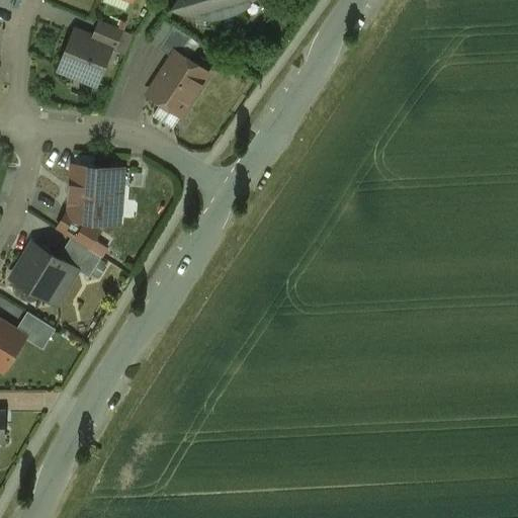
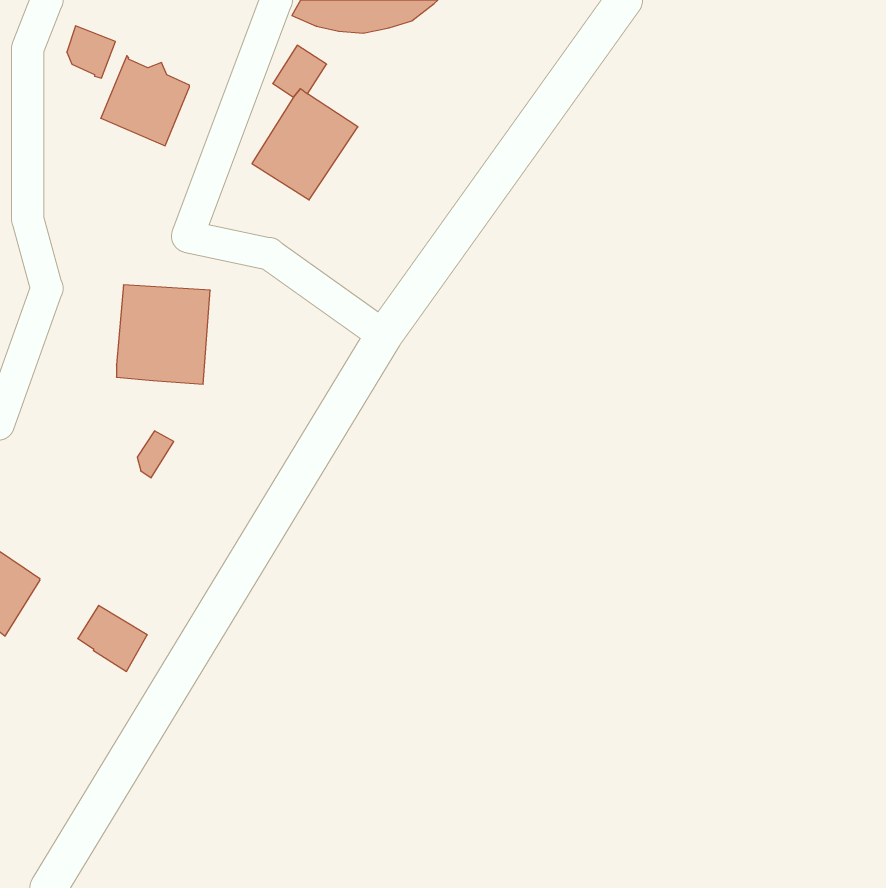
building: [94,21,122,52] -> [67,26,115,78]
building: [57,212,98,249] -> none
building: [12,244,71,297] -> none
building: [14,312,55,350] -> [78,605,147,671]

